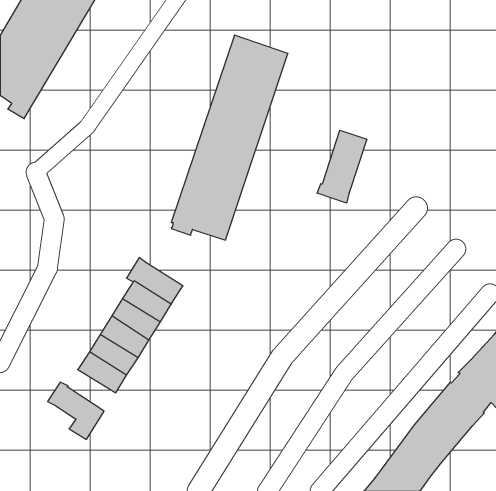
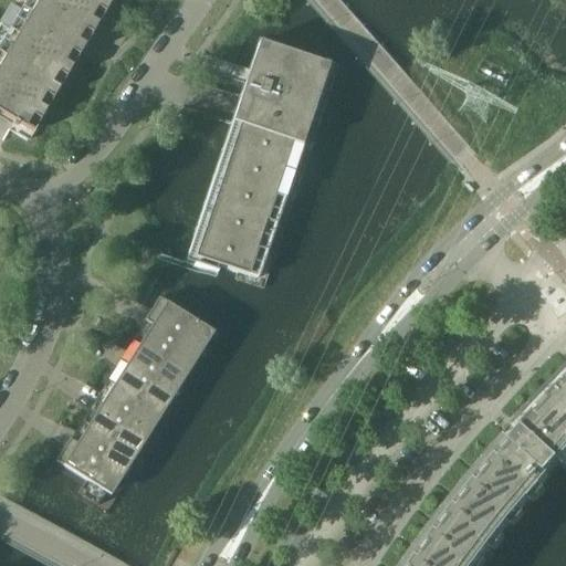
building: [317,130,367,203] -> none
building: none -> [77,420,133,468]

